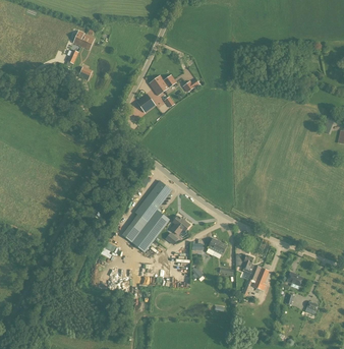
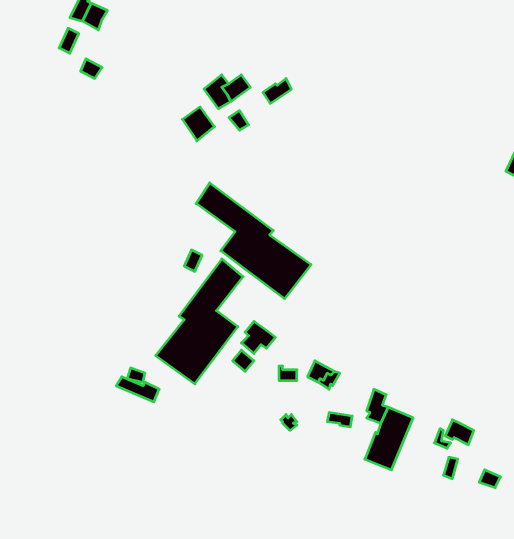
building: none -> [196,183,311,299]

